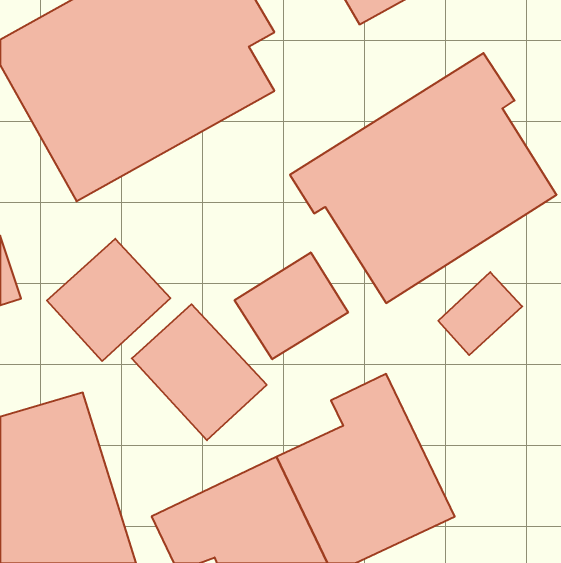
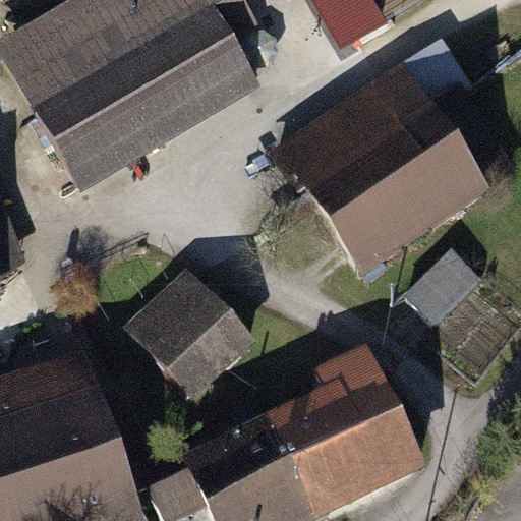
building: [47,239,170,361] -> none
building: [235,252,348,359] -> none

